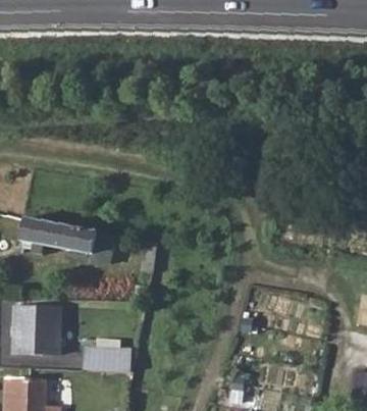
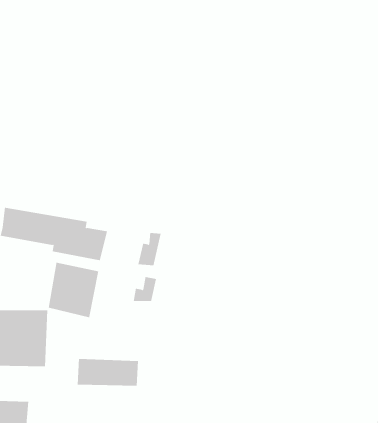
building: none -> [48,262,99,318]

